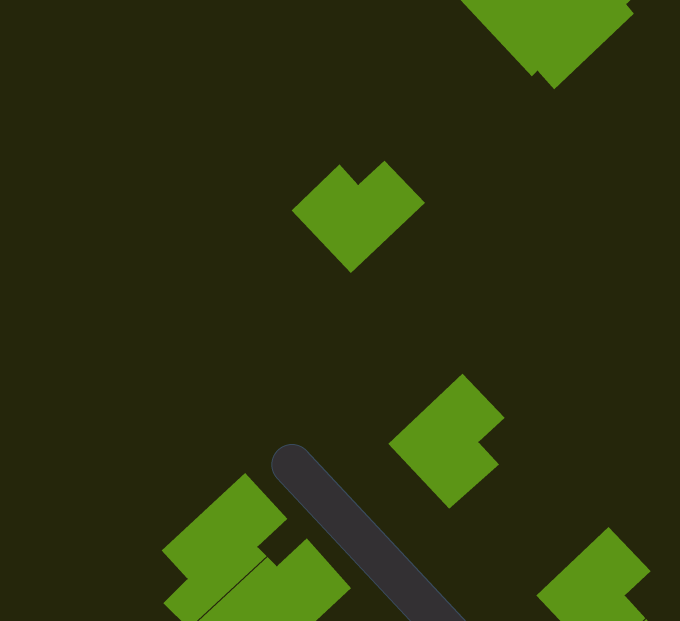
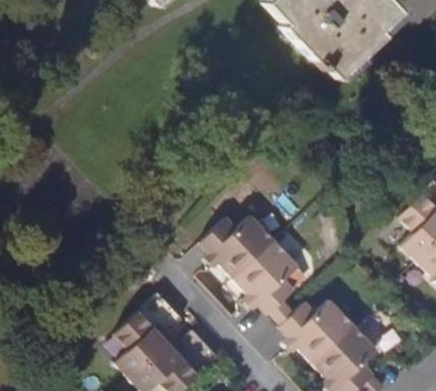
building: [291,160,426,274] -> [205,214,279,277]
building: none -> [285,298,359,360]

